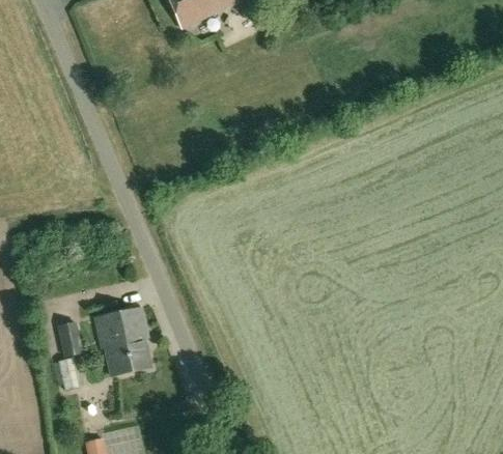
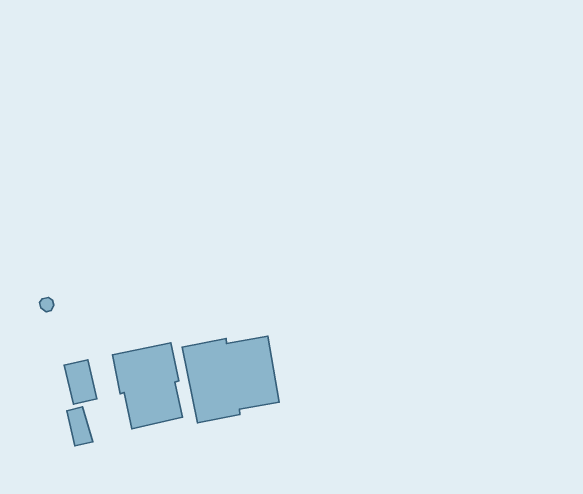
building: none -> [182,336,279,423]

